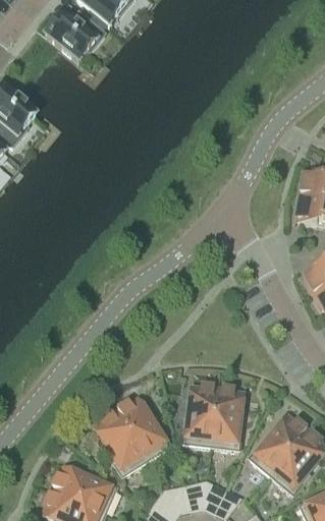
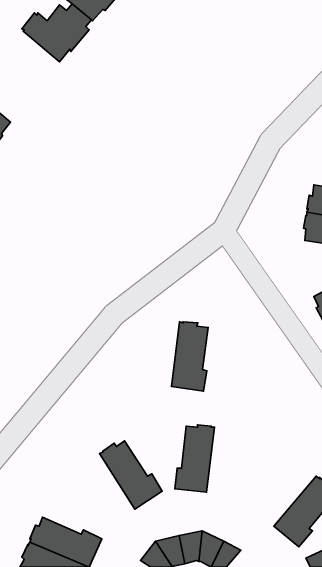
building: [210,386,242,448] -> [172,322,208,391]
building: [95,409,146,474] -> none
building: [249,414,308,474] -> none

